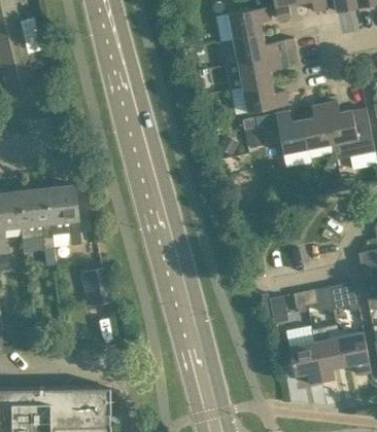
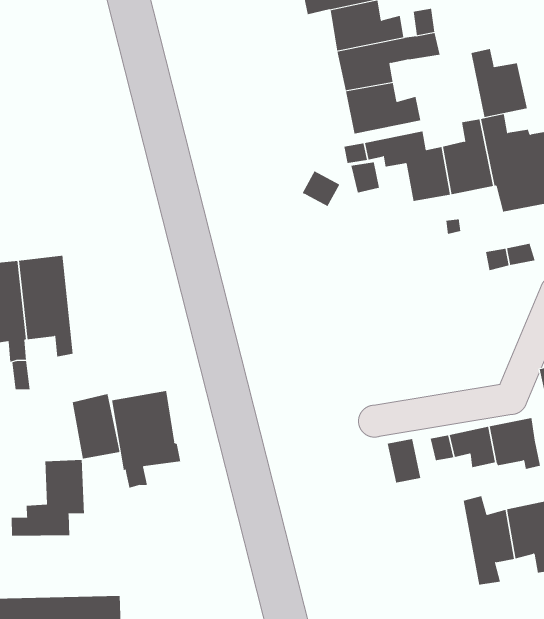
building: none -> [471,48,528,118]
building: none -> [111,390,181,489]
building: none -> [11,459,85,537]
building: [289,331,322,385] -> none

